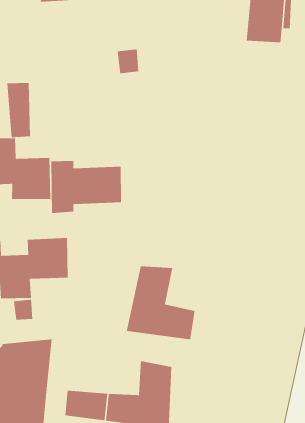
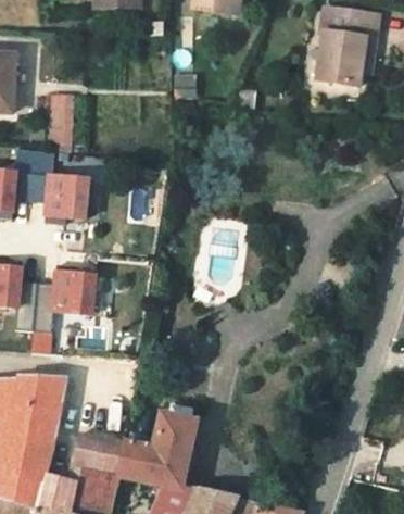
building: [51,160,121,214] -> none
building: [126,265,195,340] -> none

